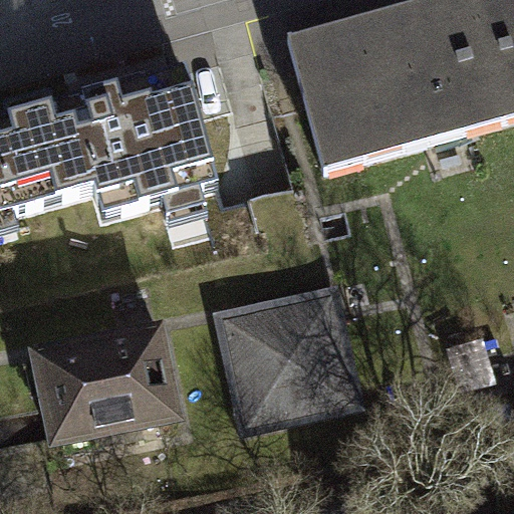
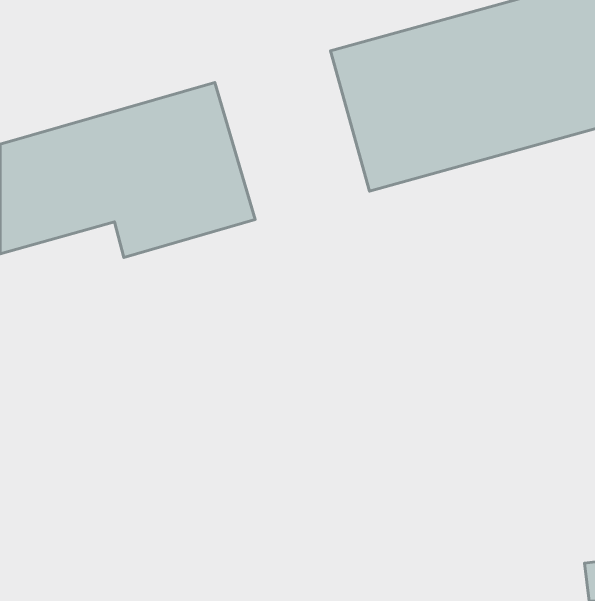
building: [219,294,356,430] -> none
building: [36,330,176,445] -> none

